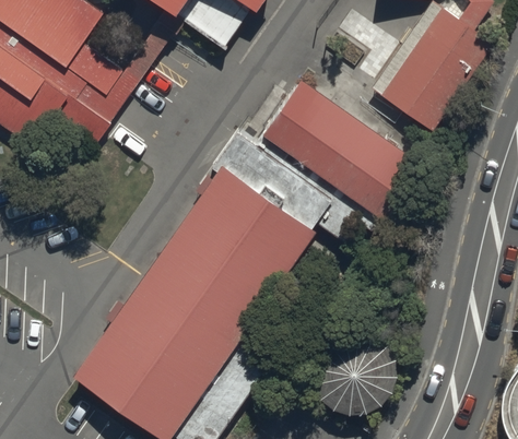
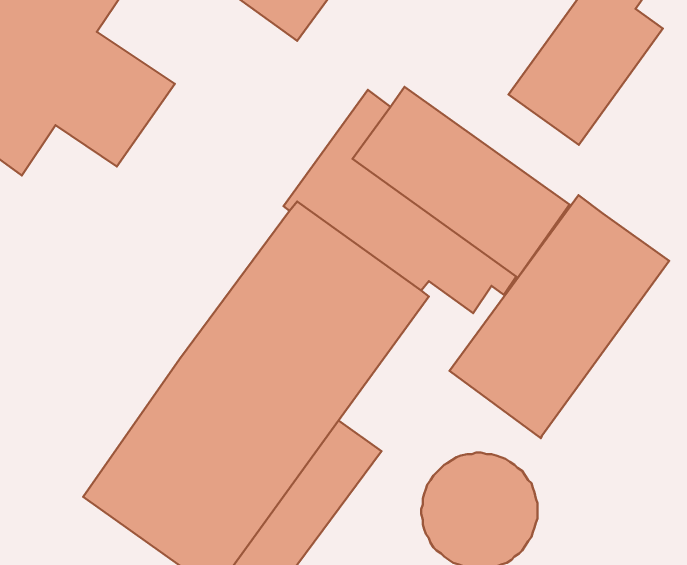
building: none -> [450,195,669,438]

